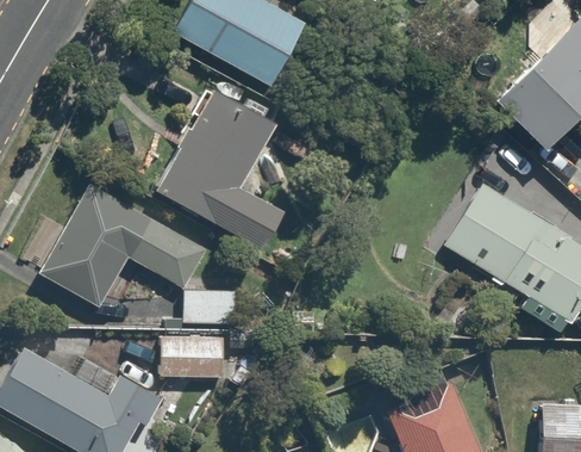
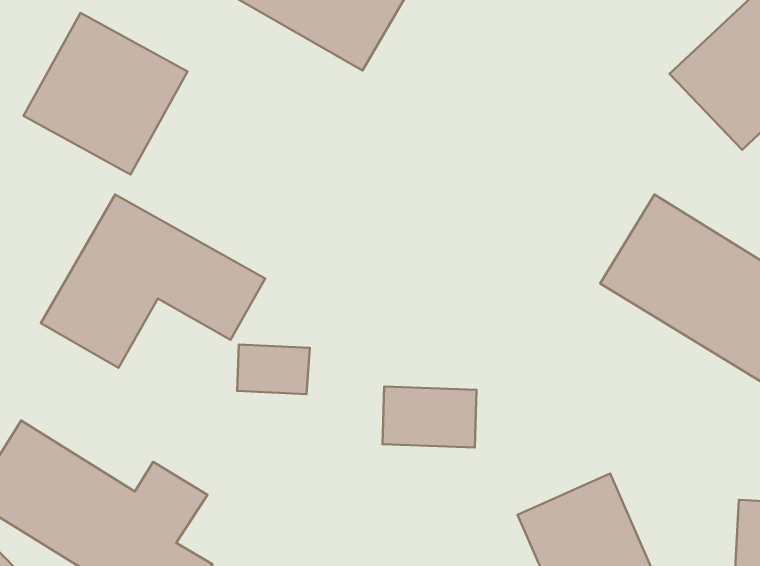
building: none -> [24,13,187,175]
building: [156,81,283,250] -> none
building: [158,335,226,379] -> [382,386,476,448]

